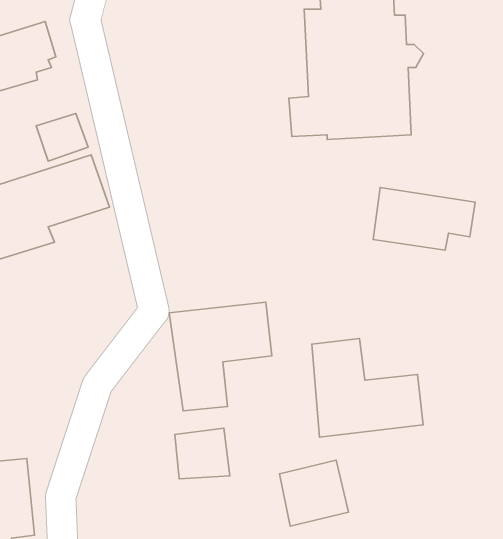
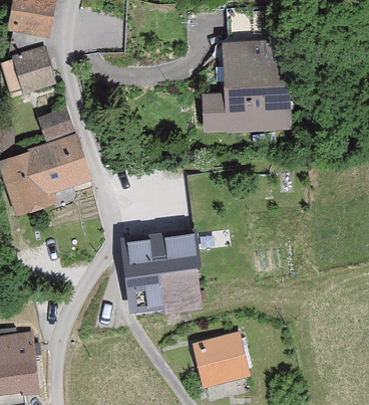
building: [373,187,475,250] -> none
building: [312,338,423,437] -> none
building: [175,428,230,479] -> [162,270,199,303]

